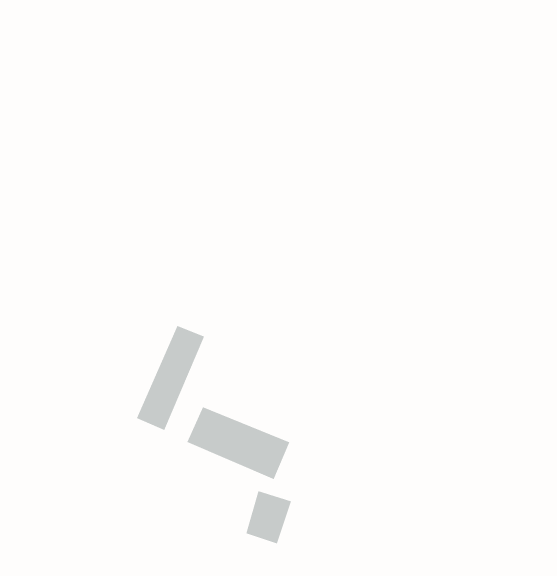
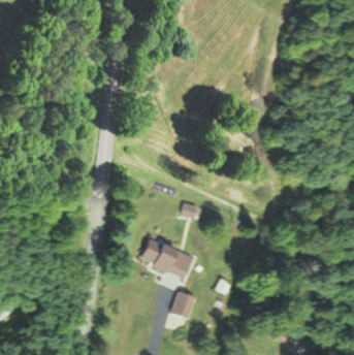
building: [136,325,205,431] -> none

